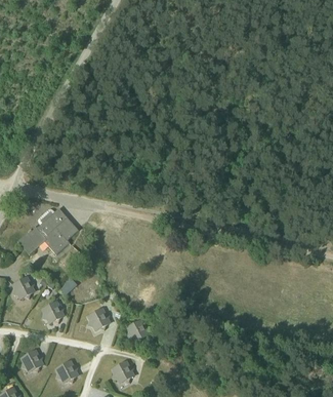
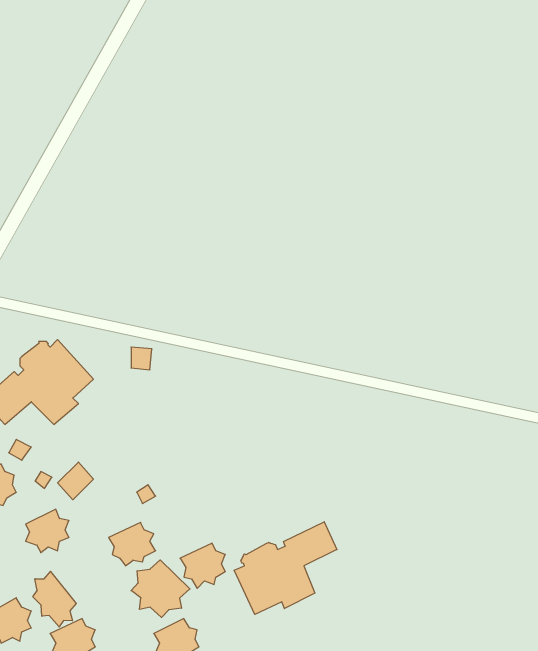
building: none -> [234,522,337,614]
building: none -> [131,560,190,617]
building: none -> [33,571,76,627]

